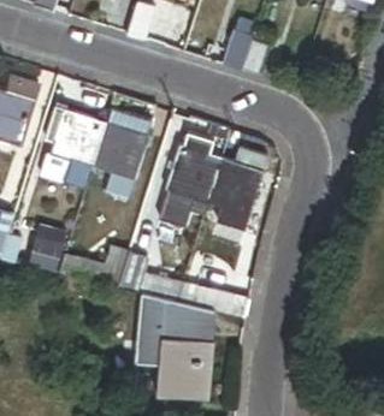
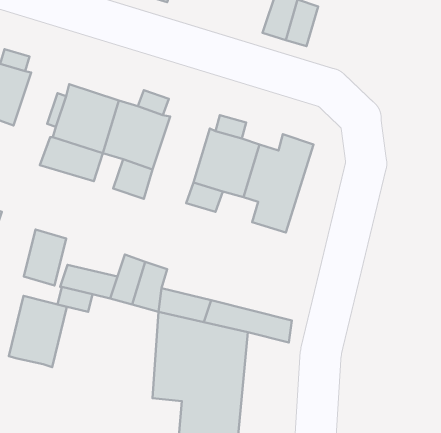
building: none -> [9,296,67,367]

